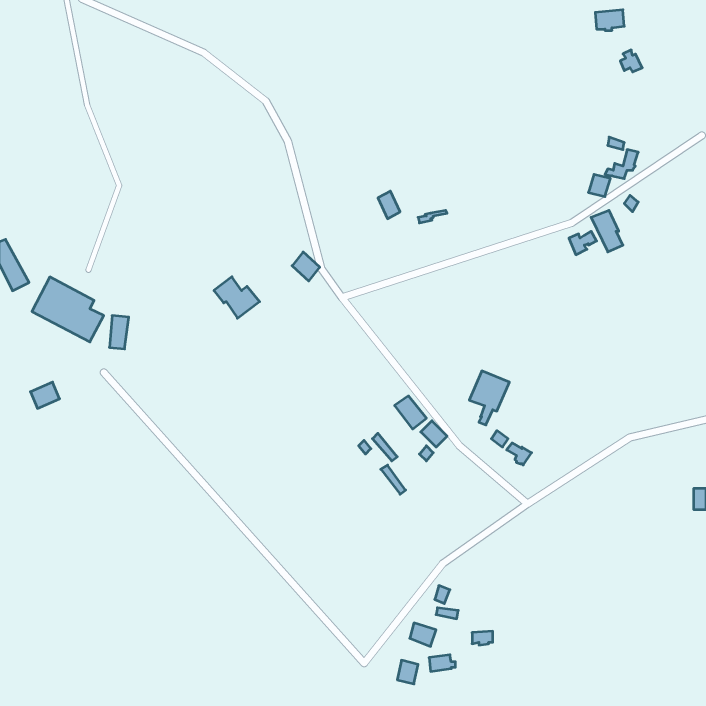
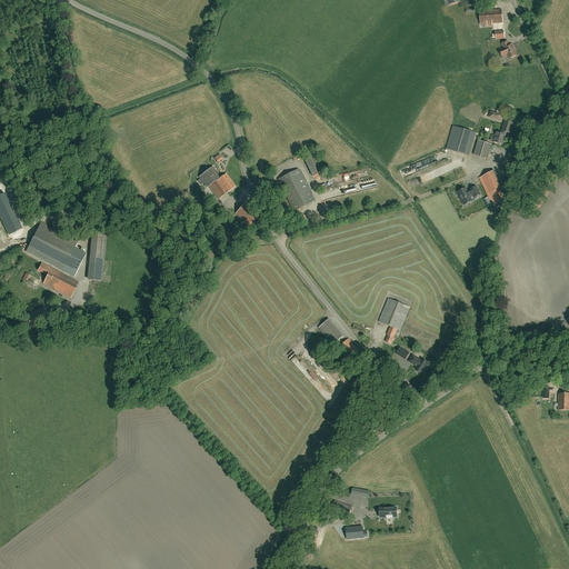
building: none -> [445,126,475,154]
building: none -> [277,168,312,210]
building: [214,277,260,318] -> [198,166,234,199]
building: none -> [37,262,78,297]

